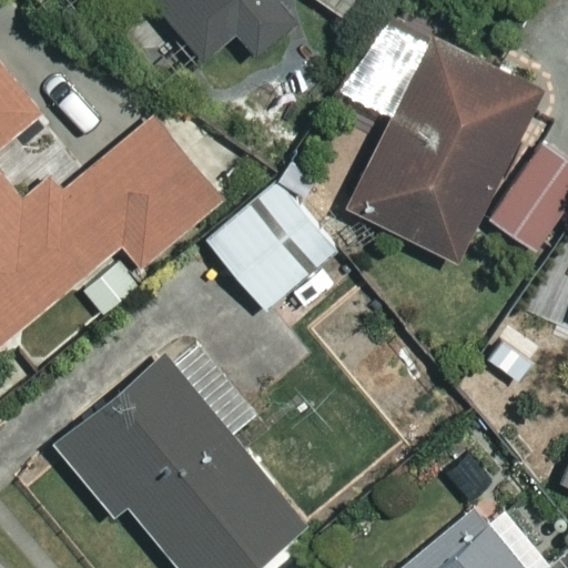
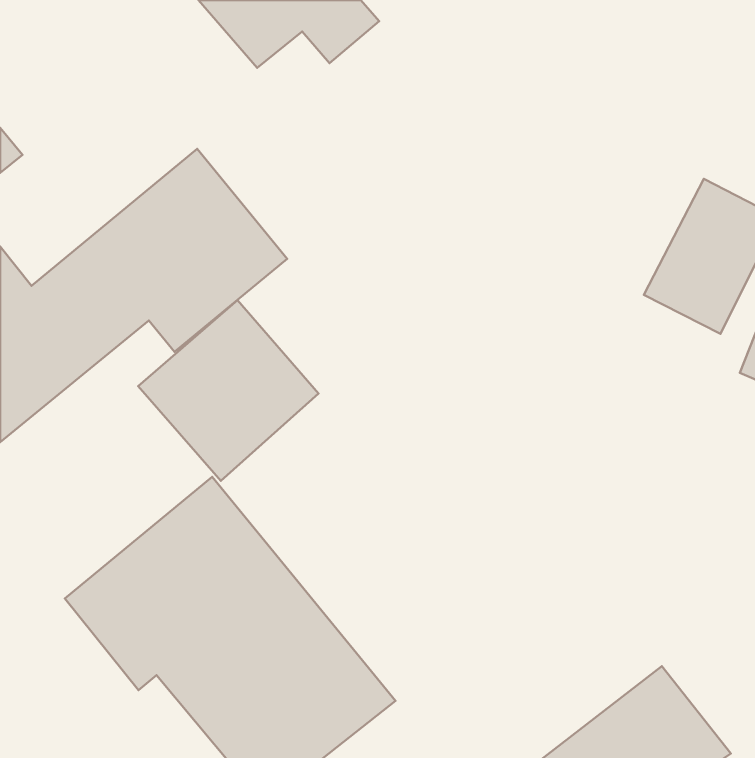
building: [346,36,541,260] -> none
building: [205,179,338,312] -> [138,300,319,481]

